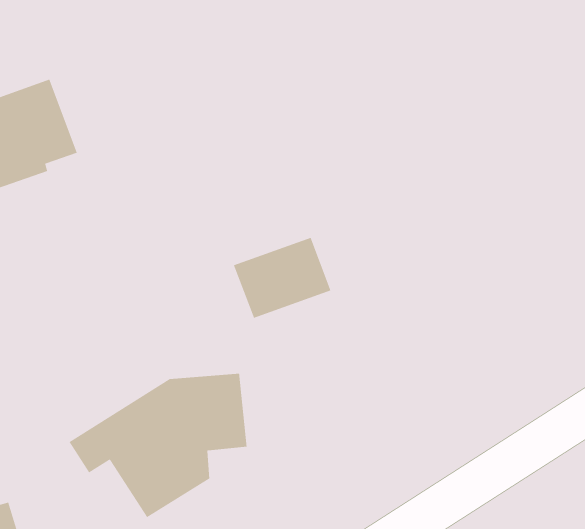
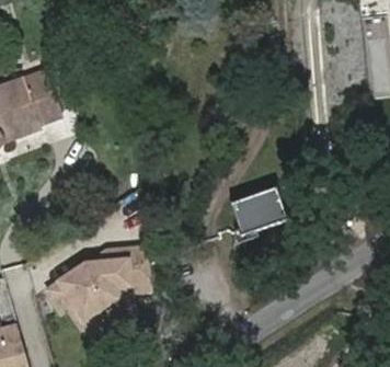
building: [233,237,332,319] -> [229,185,287,233]

